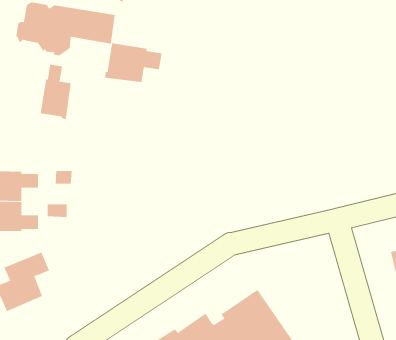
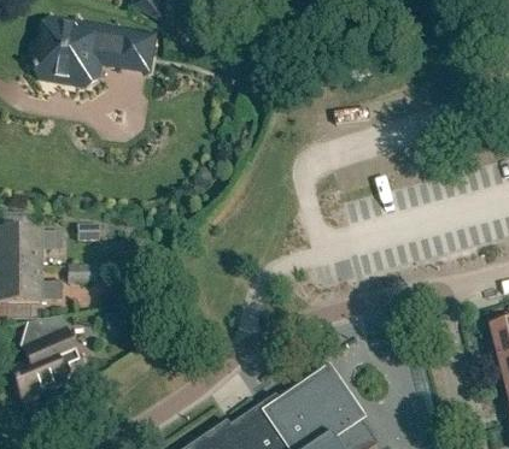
building: [104,42,162,83] -> none
building: [40,64,71,120] -> none

